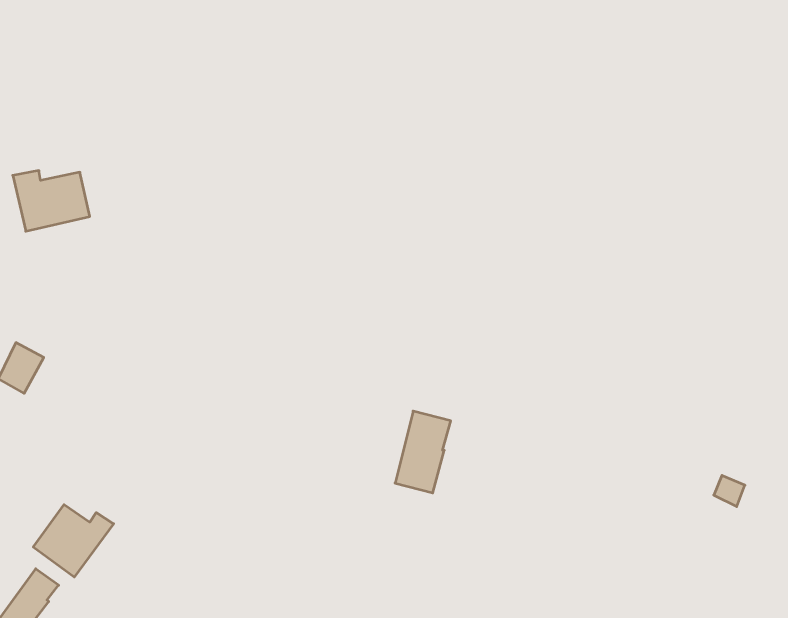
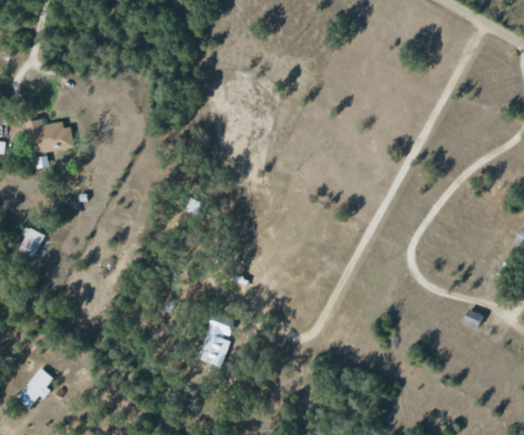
building: [395,411,451,493] -> [201,313,235,364]
building: [33,505,114,577] -> none

